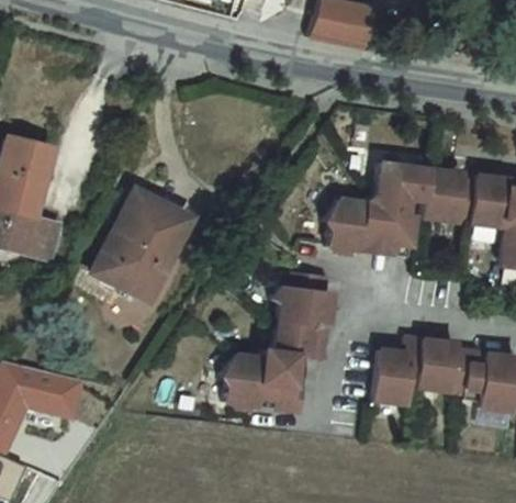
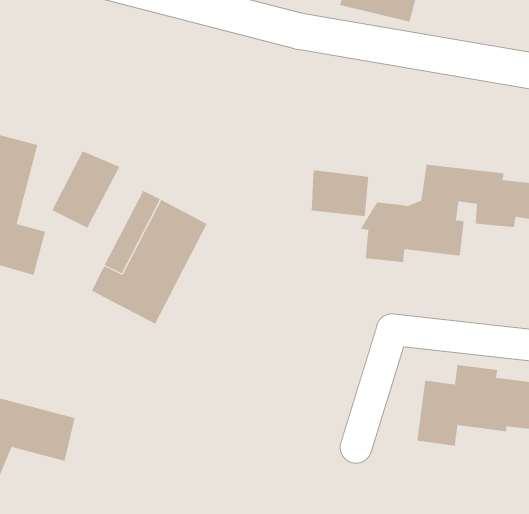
building: none -> [51,151,120,228]
building: none -> [311,169,369,217]
building: [222,272,330,411] -> none

